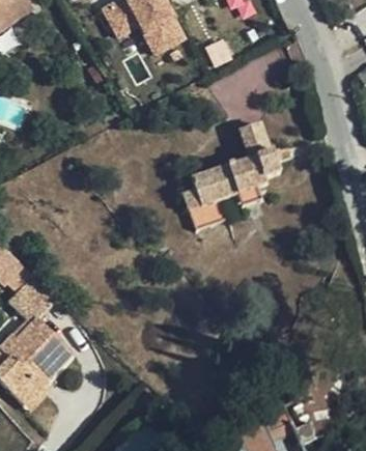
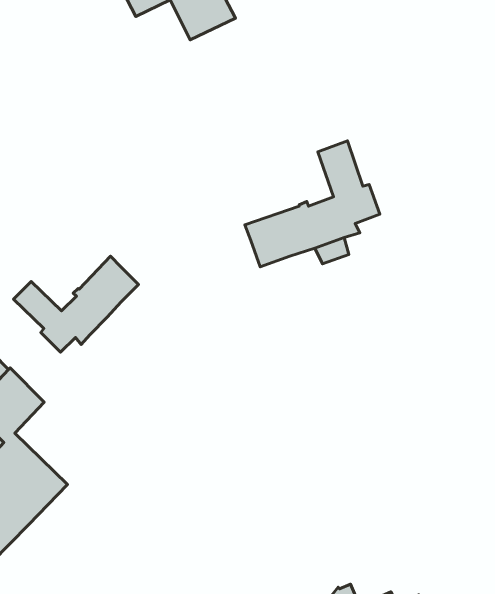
building: [184,188,229,229] -> none
building: none -> [13,256,139,352]

